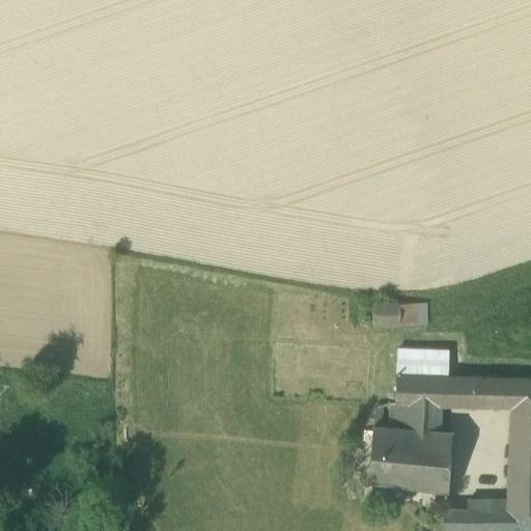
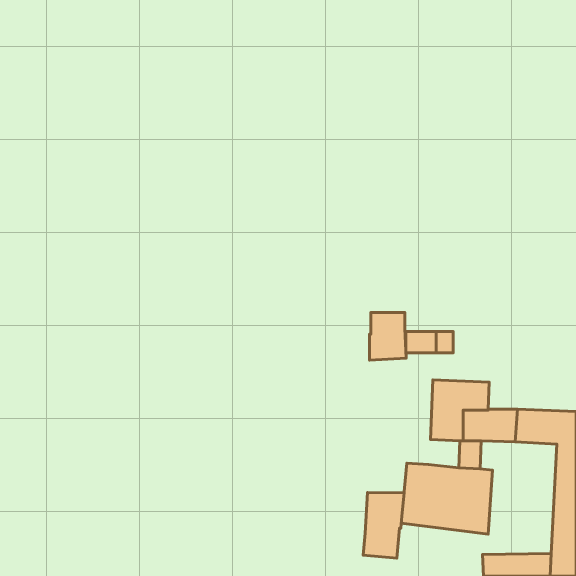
building: none -> [370,313,406,360]
building: [391,404,423,430] -> none
building: none -> [363,492,404,558]

